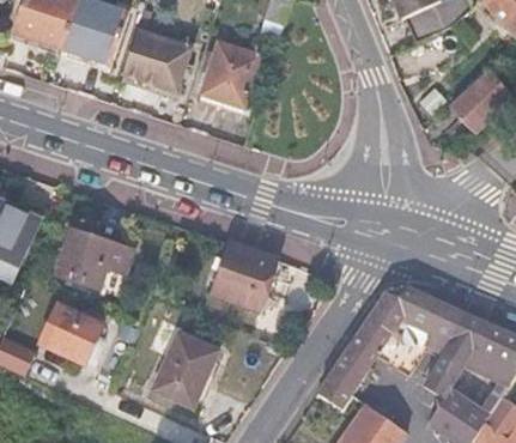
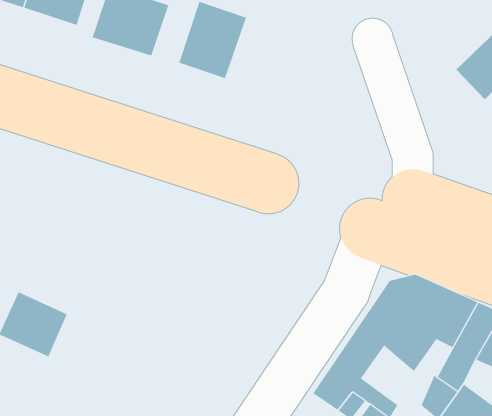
building: [55,230,128,286] -> none
building: [211,243,274,310] -> none
building: [151,330,215,406] -> none

